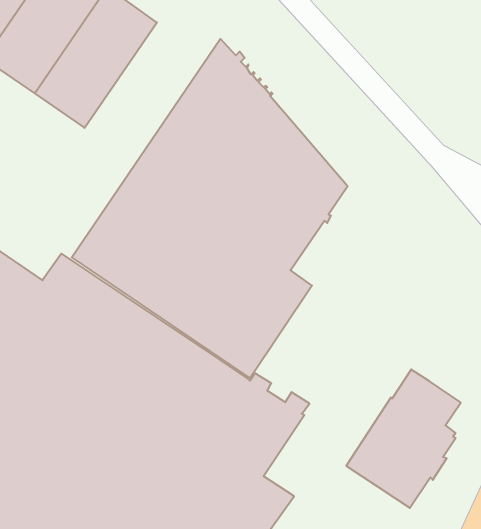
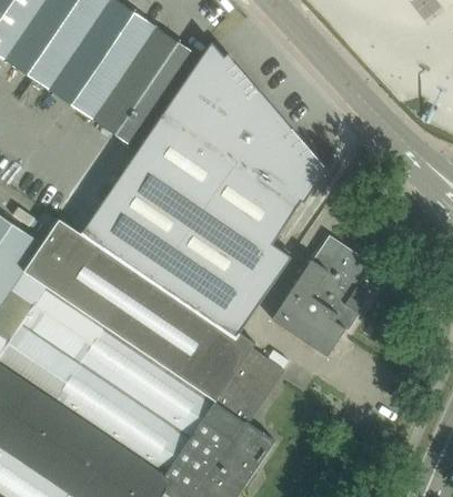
building: none -> [92,27,200,149]
building: [346,369,461,508] -> [272,234,372,355]

